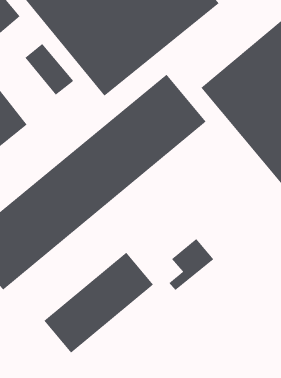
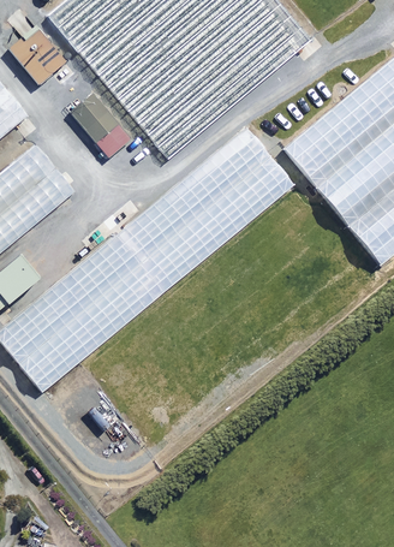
building: [169,238,214,291] -> none
building: [43,252,154,353] -> none

